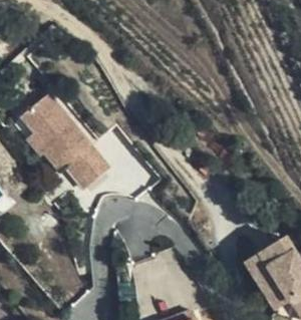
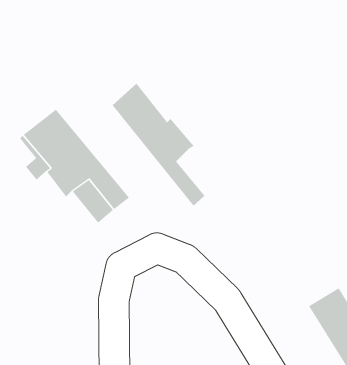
building: none -> [112,83,205,206]

